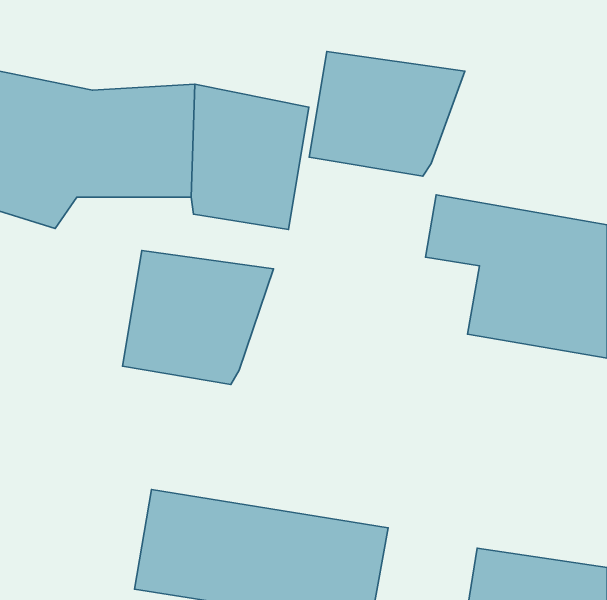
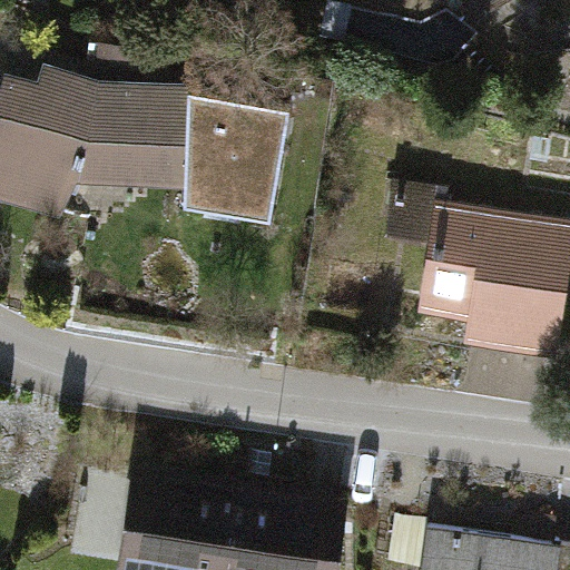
building: [309,51,465,176] -> none
building: [123,251,273,384] -> none

